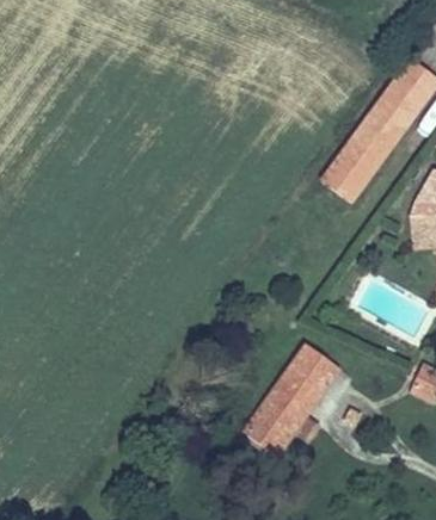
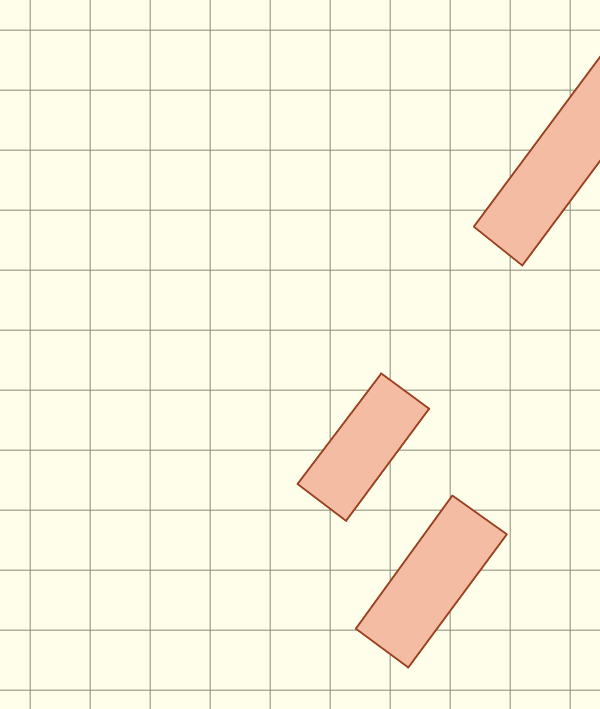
building: none -> [298,373,429,521]

